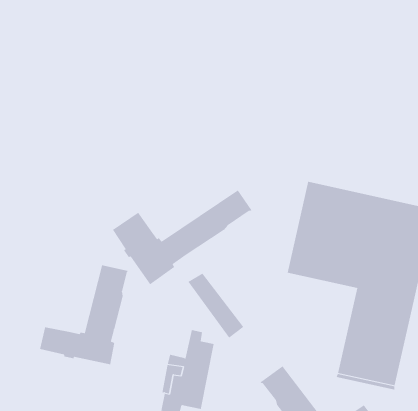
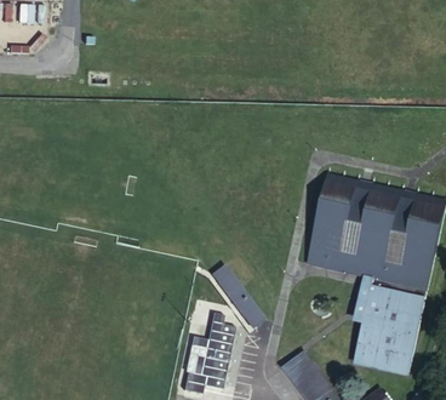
building: [112,189,253,285] -> none
building: [39,265,129,365] -> none

